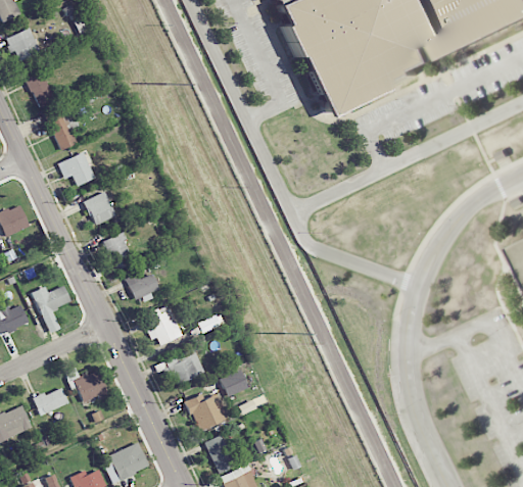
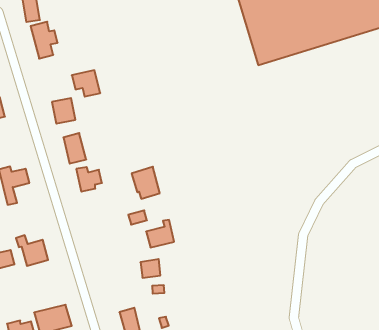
building: [57,152,95,186] -> [72,70,100,97]
building: [144,304,182,345] -> [132,167,160,199]
building: [169,347,204,384] -> [146,220,174,247]
building: [186,393,216,431] -> none

